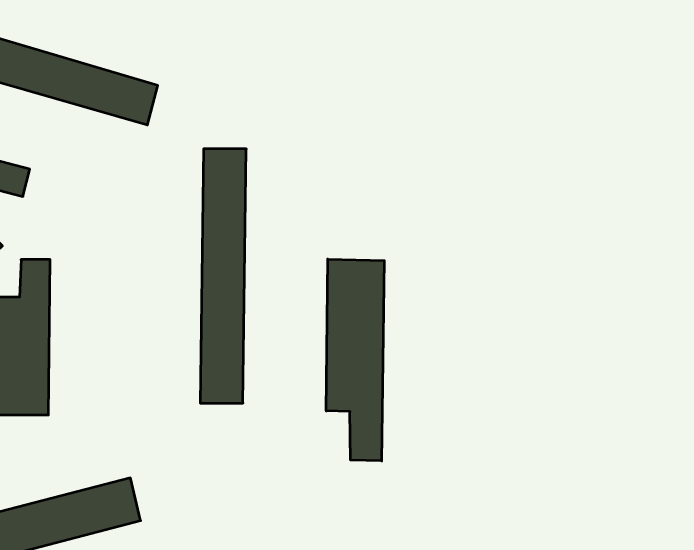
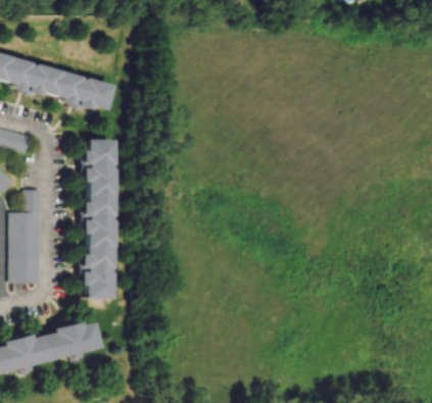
building: [200,149,246,403] -> [84,146,111,298]
building: [326,259,384,461] -> none

